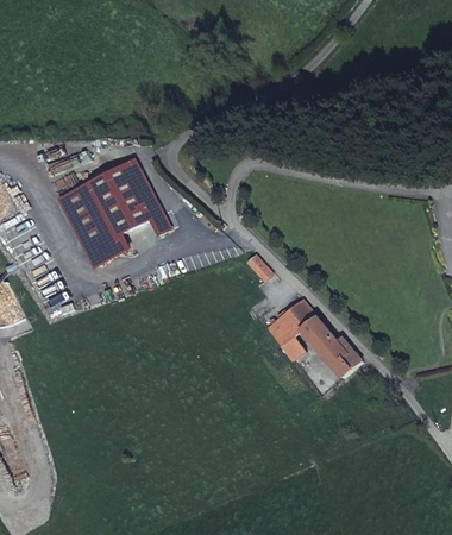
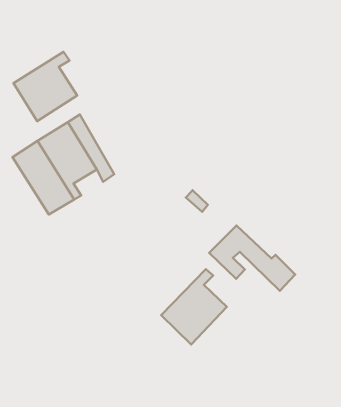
building: none -> [13,52,77,121]
building: none -> [161,269,227,344]

